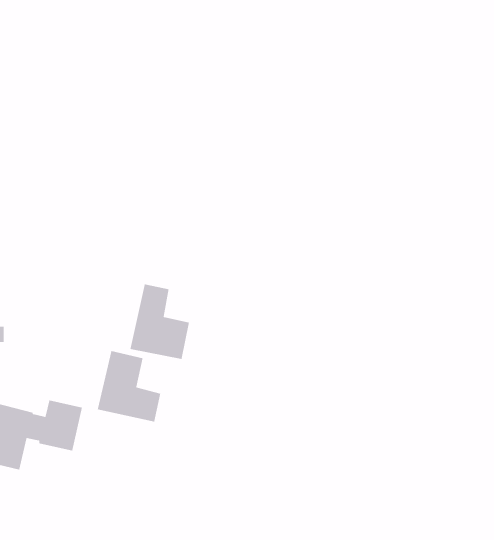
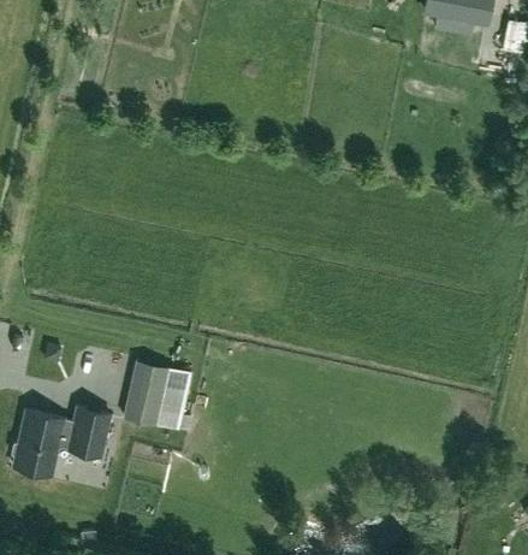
building: [130,283,190,360] -> none

